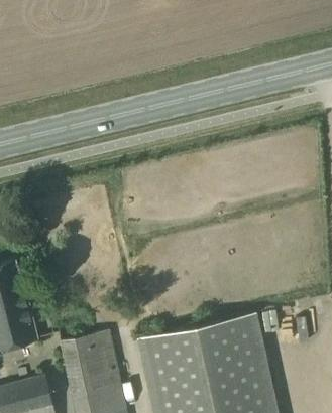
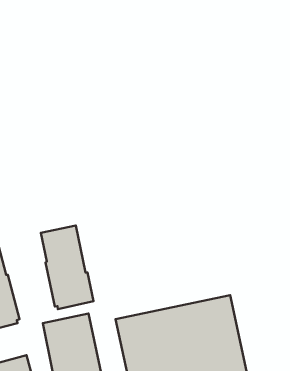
building: none -> [41,225,93,309]

